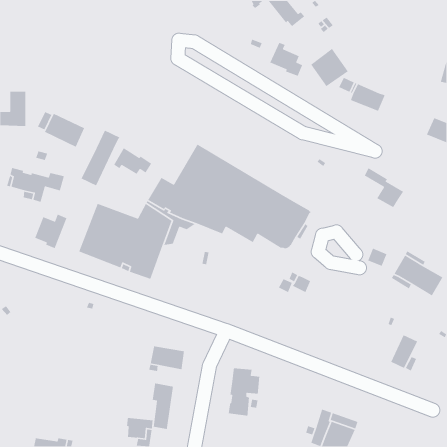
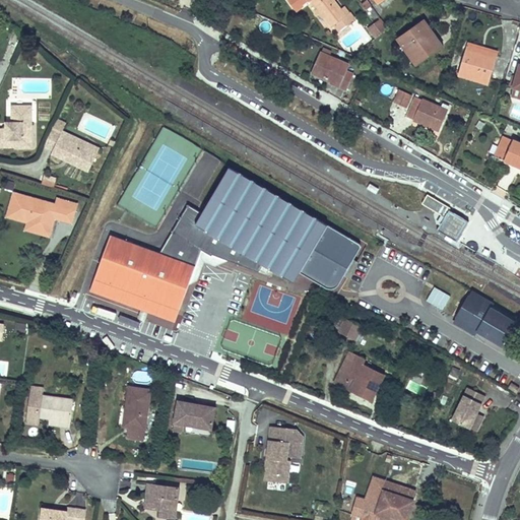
building: none -> [457,44,497,84]
building: [310,48,349,87] -> [397,19,442,65]
building: [80,129,120,186] -> none
building: [113,147,152,175] -> none
building: [34,213,68,249] -> none
building: none -> [333,351,384,401]
building: none -> [25,386,73,428]
building: [152,383,174,430] -> [125,386,150,441]

